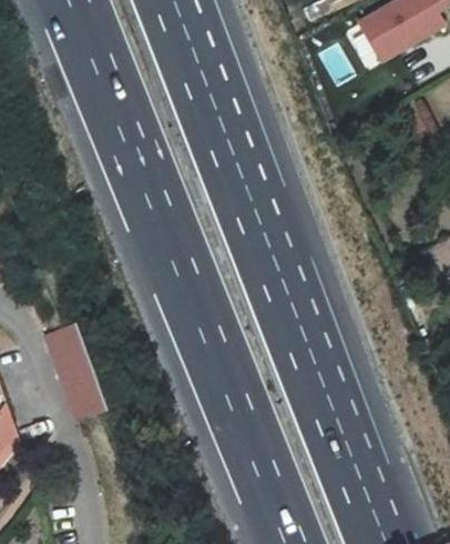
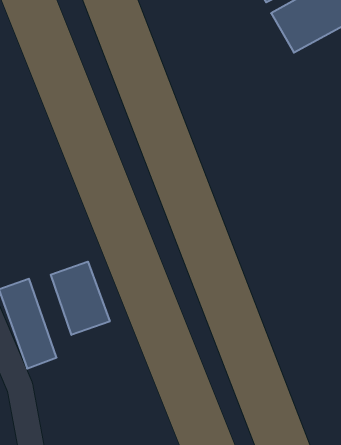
building: none -> [51,262,110,335]

